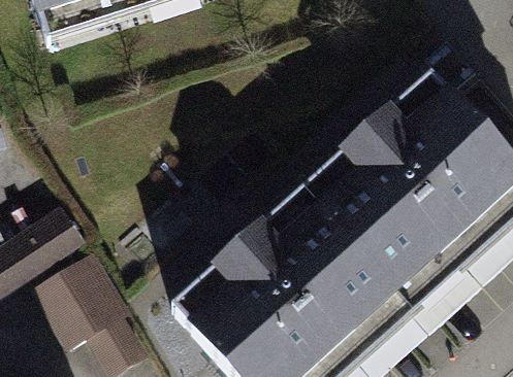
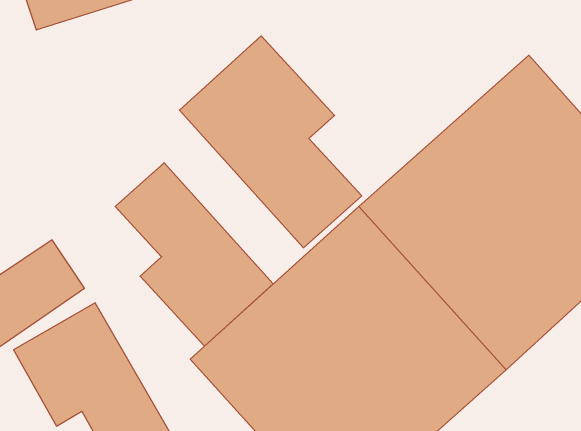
building: none -> [179,36,362,248]
building: none -> [115,163,273,346]

